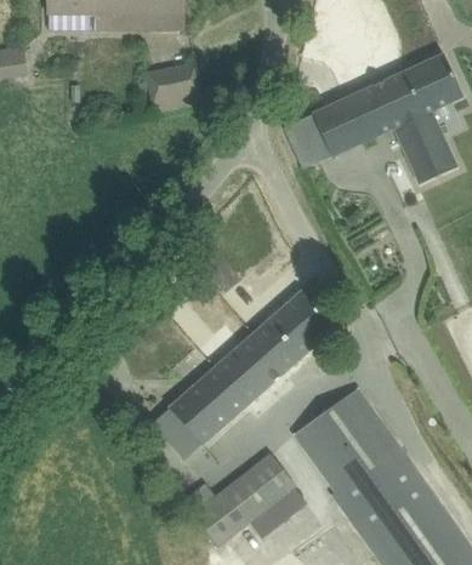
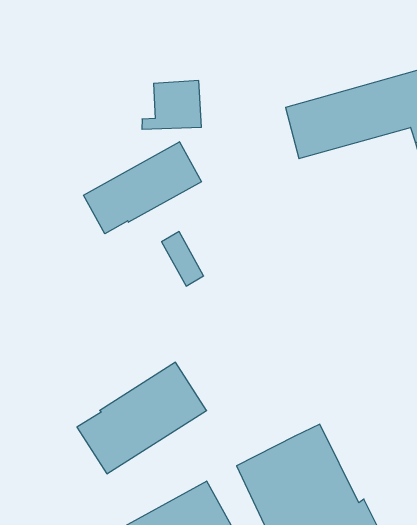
building: [152,63,203,112] -> [142,81,201,129]
building: none -> [84,142,201,234]
building: [226,291,332,393] -> none

